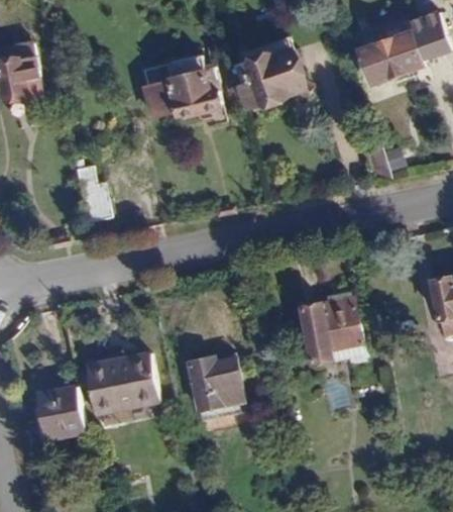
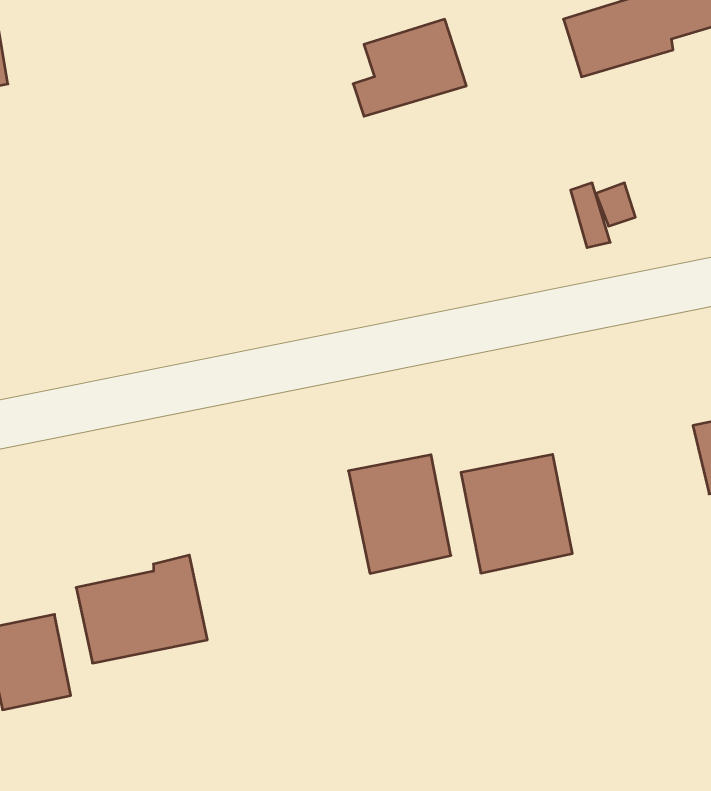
building: [147,63,224,122] -> none
building: [74,158,111,218] -> none
building: [185,352,242,419] -> [348,455,451,573]

